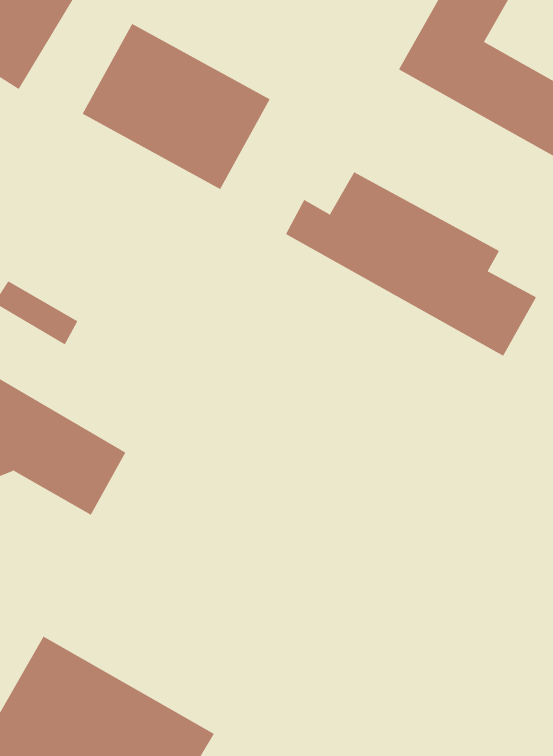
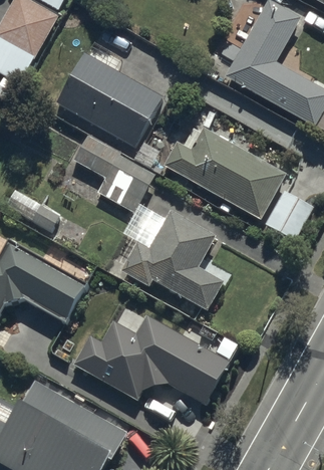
building: none -> [69,134,149,207]
building: none -> [127,217,221,312]
building: none -> [78,323,222,399]

